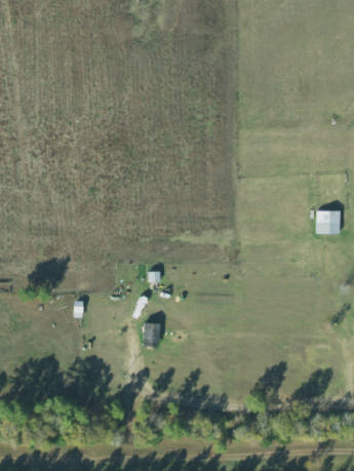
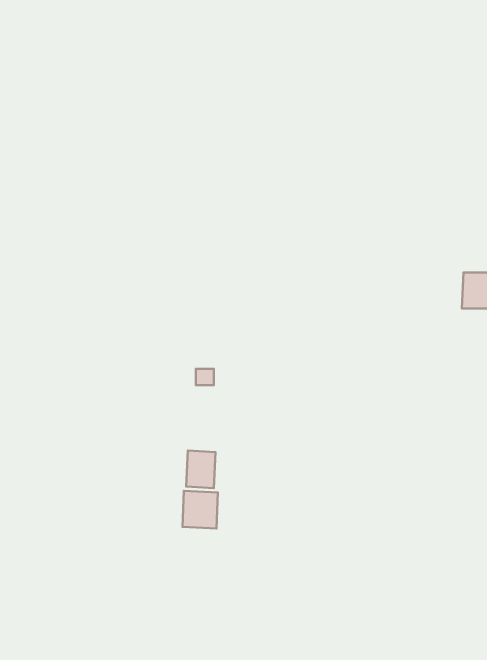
building: none -> [182,491,218,528]

